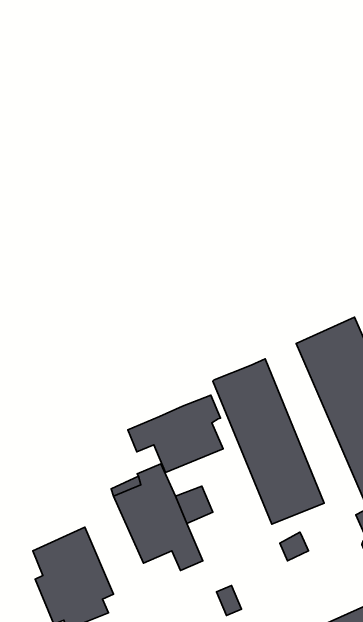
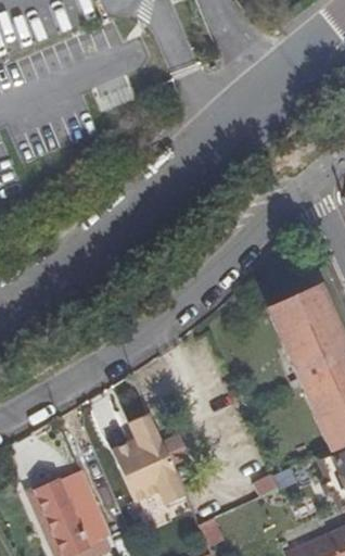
building: [213,359,324,524] -> none
building: [128,395,223,473] -> none

